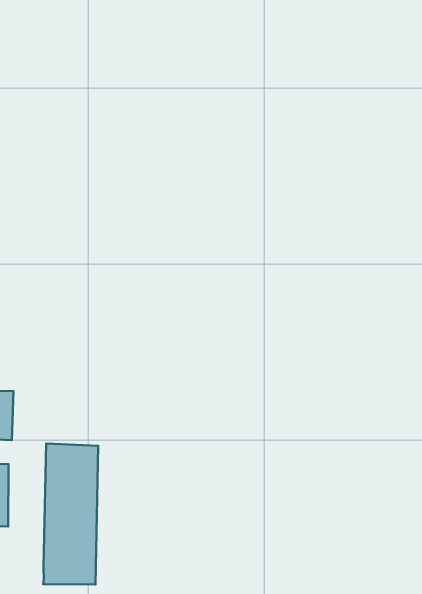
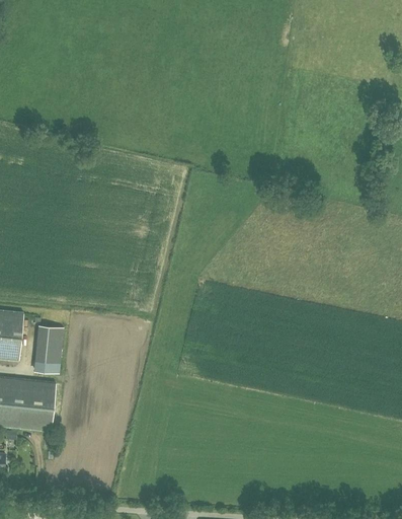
building: [43,444,98,585] -> none

